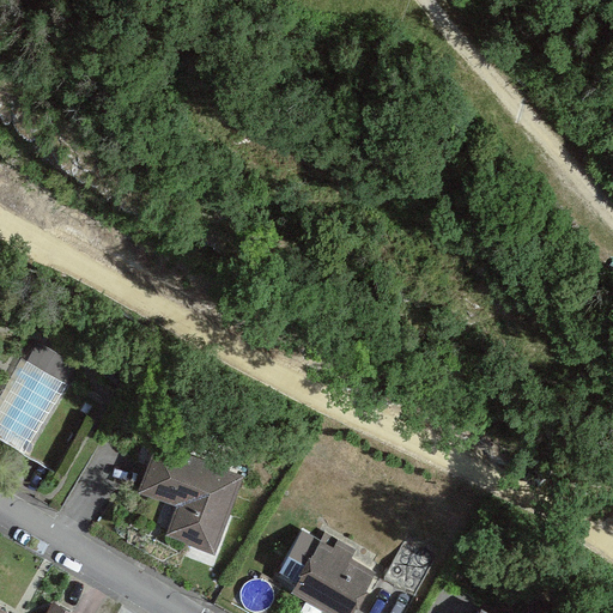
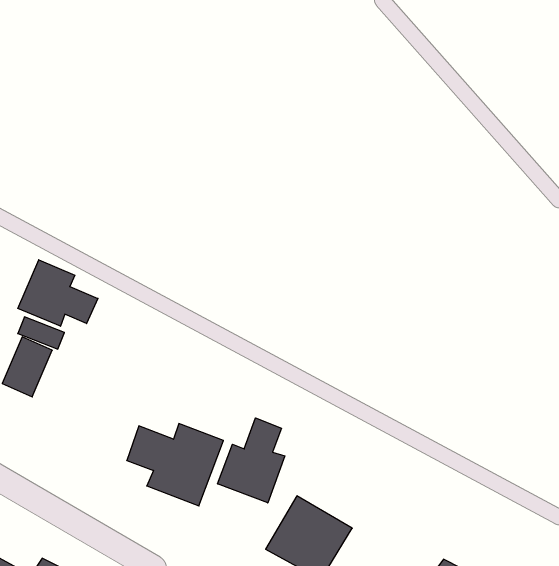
building: none -> [18,260,98,326]
building: none -> [218,418,285,503]

